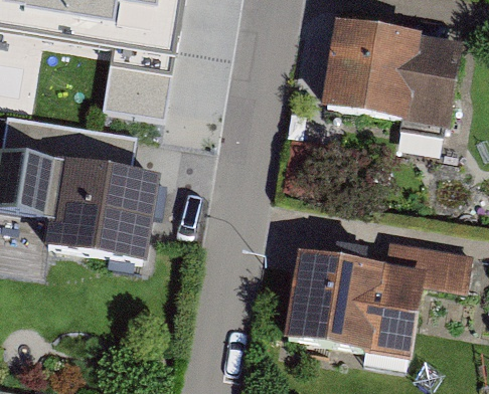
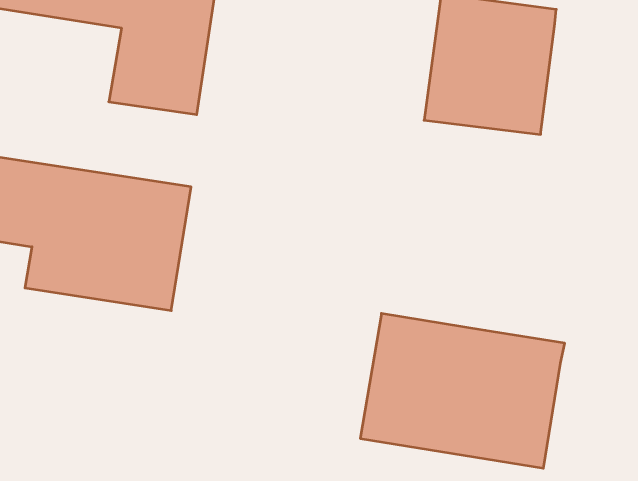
building: [406,42,462,127] -> none
building: [367,233,471,289] -> none

